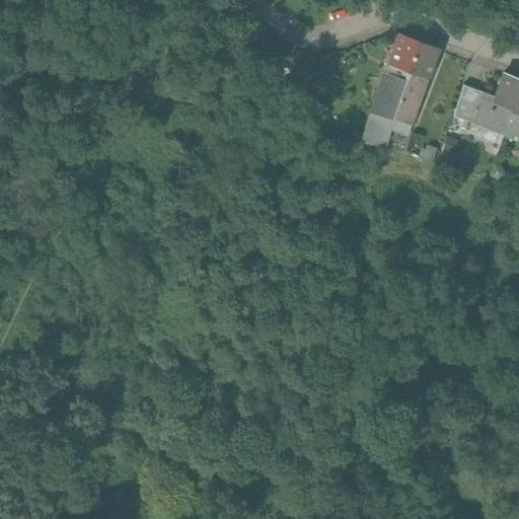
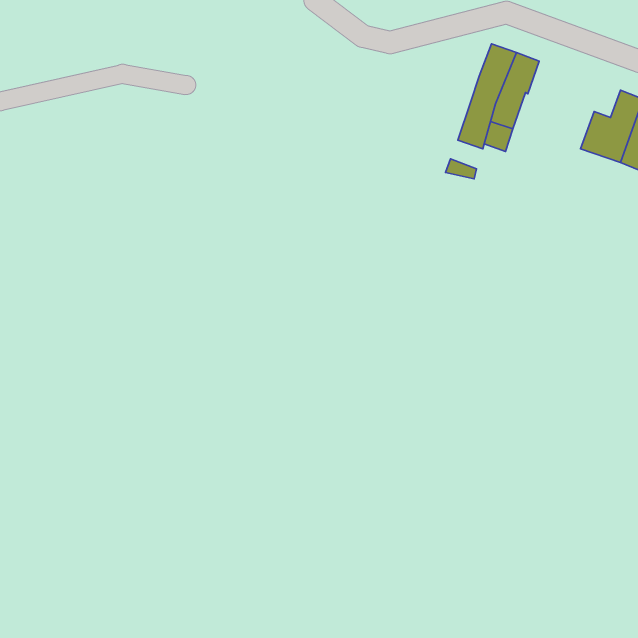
building: [453,84,483,122] -> none

